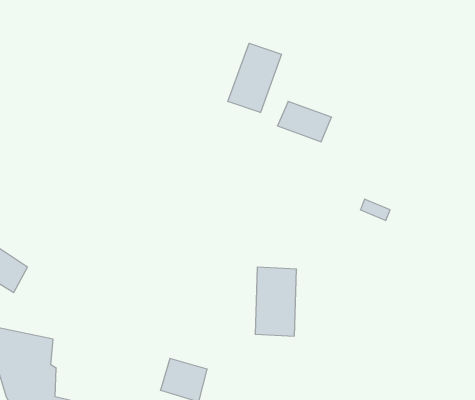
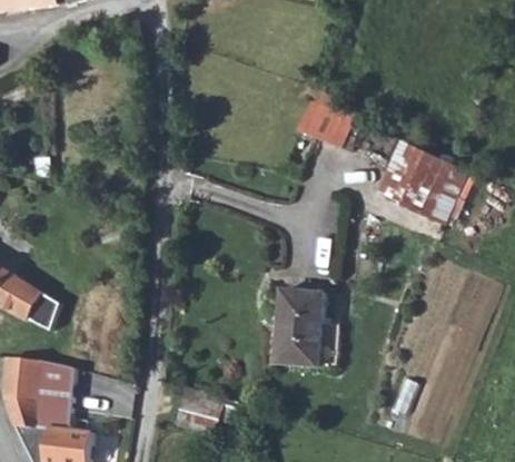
building: [228,43,282,113] -> none
building: none -> [394,149,460,218]

